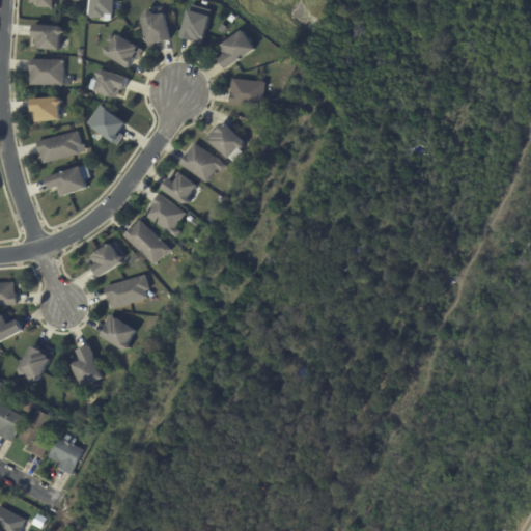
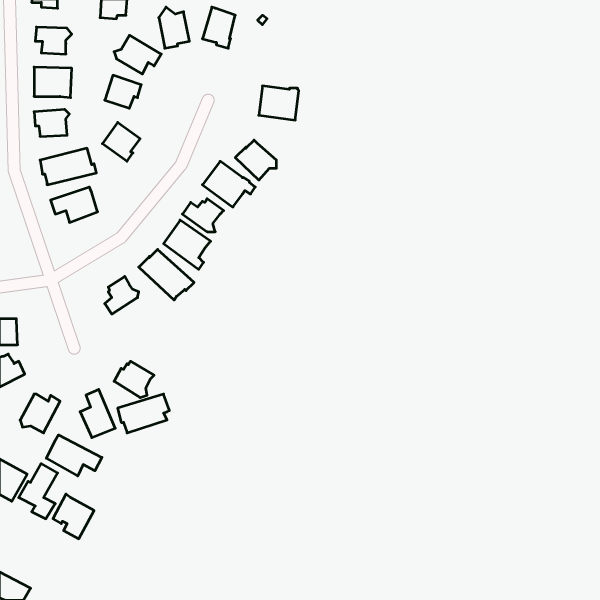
building: [217,28,252,66] -> none
building: [104,274,149,308] -> [118,394,169,433]
building: none -> [46,435,102,476]

